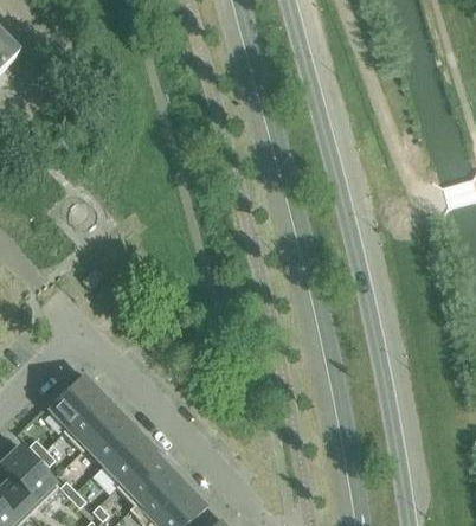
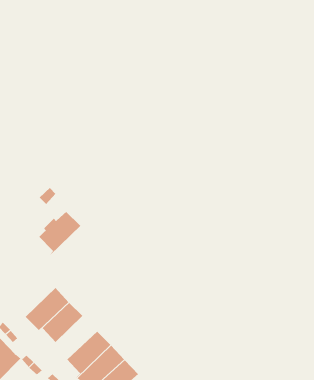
building: [46,373,101,430] -> [38,211,81,256]
building: [101,429,154,485] -> none

